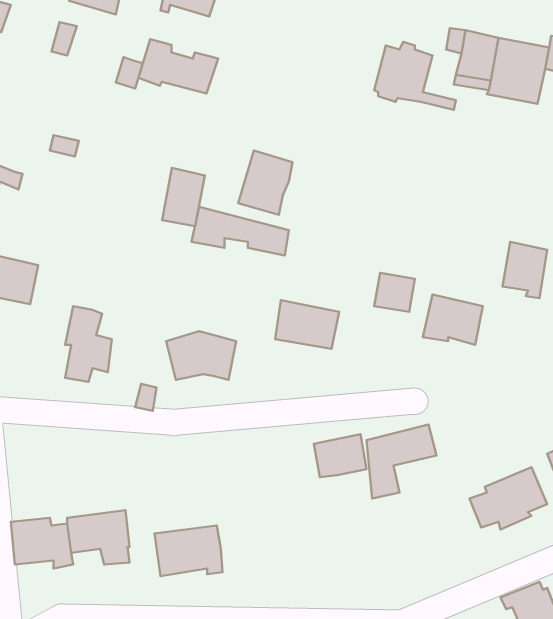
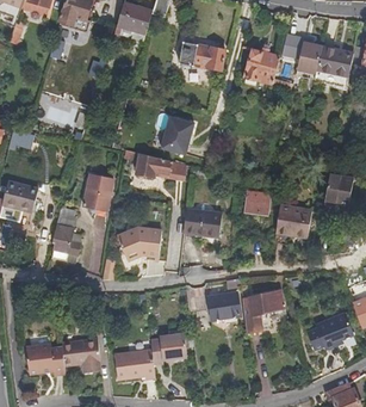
building: [139,39,218,93] -> [181,38,230,72]
building: [162,168,205,226] -> [86,172,112,208]
building: none -> [148,332,185,362]

